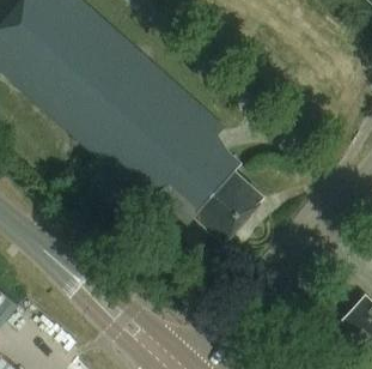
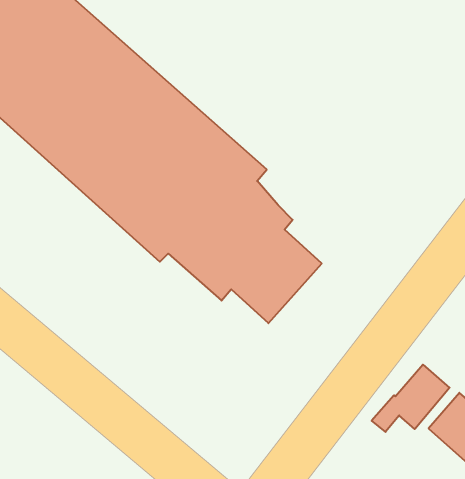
building: none -> [372,365,450,432]

